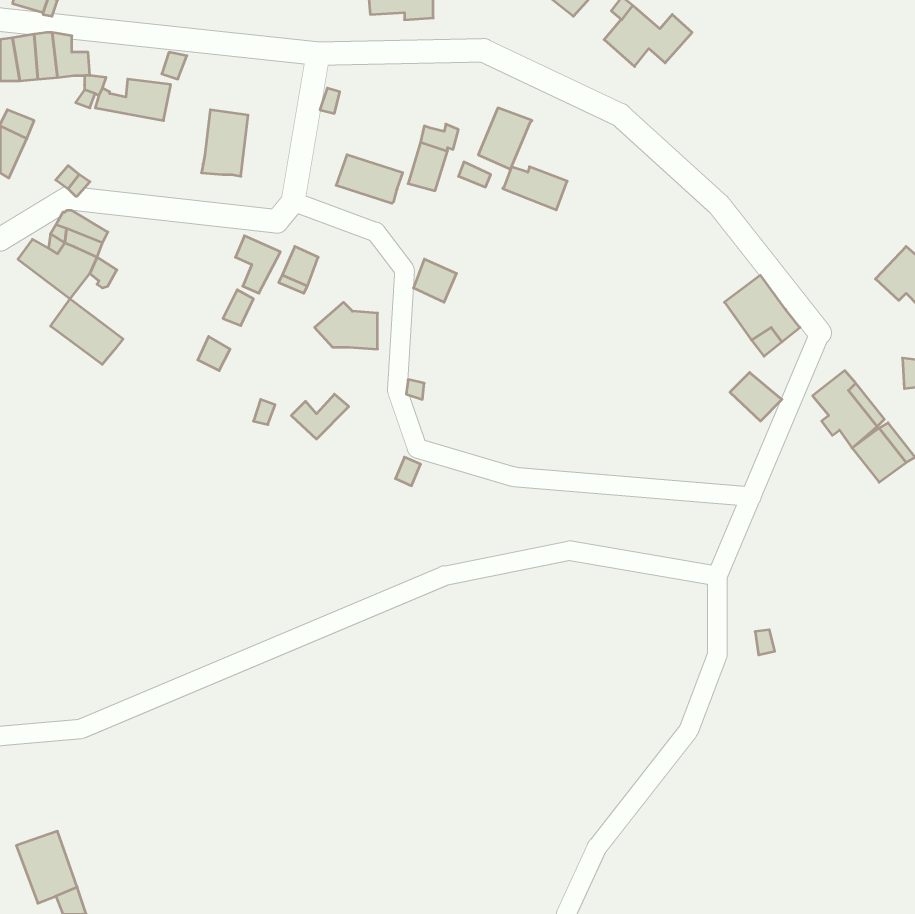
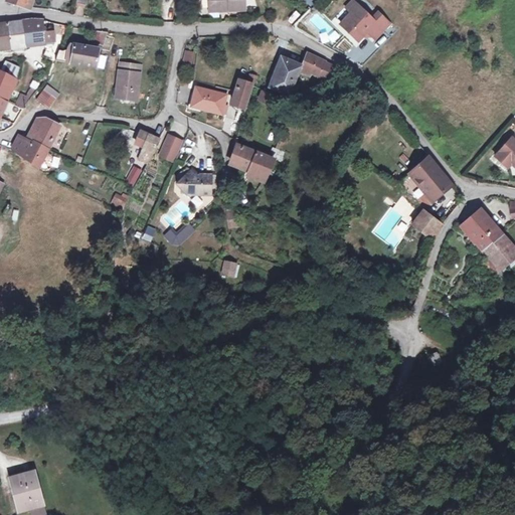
building: [503,167,567,210] -> [299,56,335,80]
building: none -> [248,153,273,183]
building: [51,299,123,364] -> none

